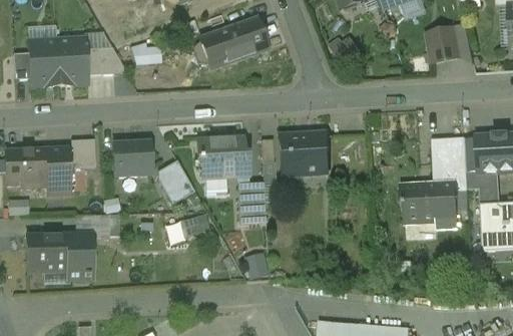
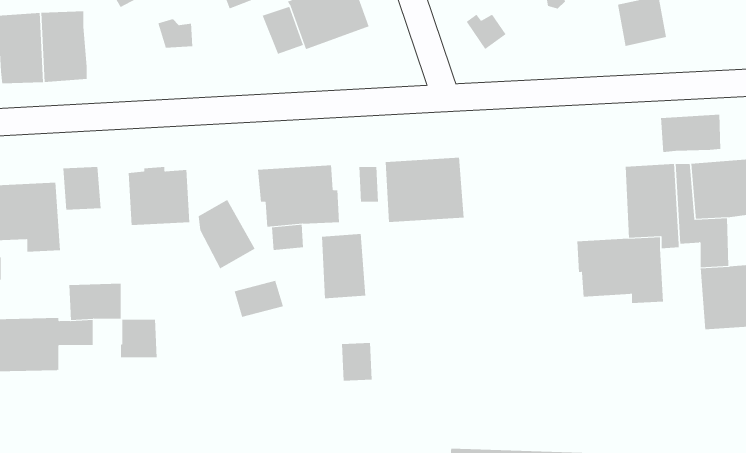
building: [84,47,126,74] -> none
building: none -> [660,114,721,153]
building: [67,254,91,279] -> [120,319,157,358]

